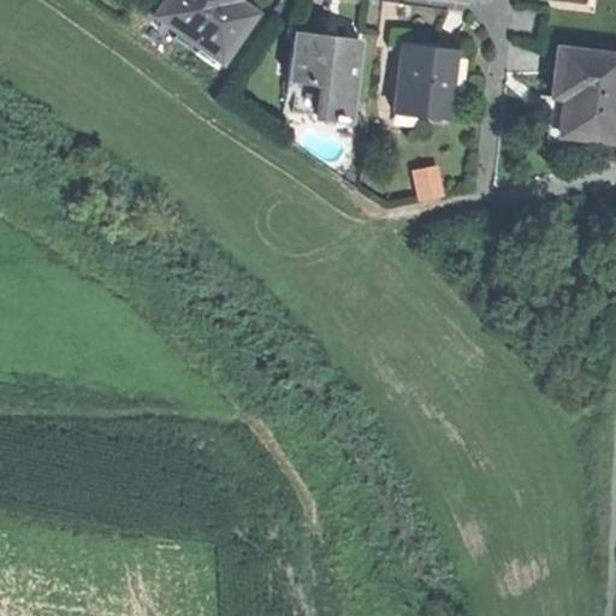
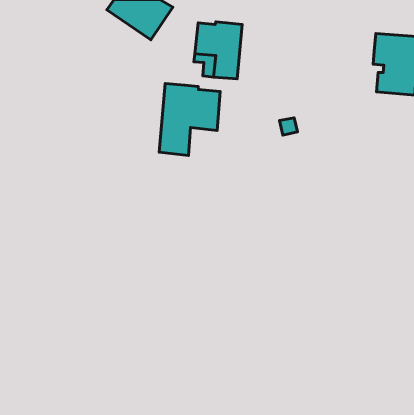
building: [395,43,458,119] -> none
building: none -> [159,84,220,155]

